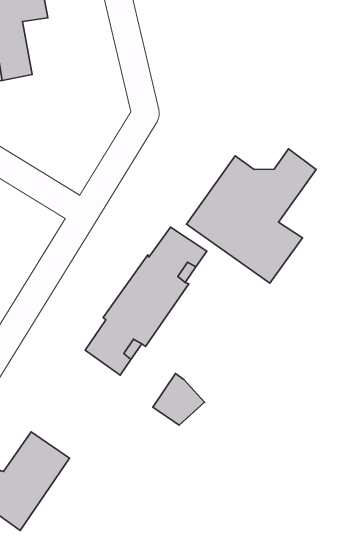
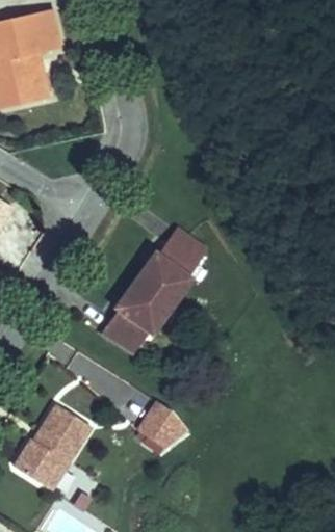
building: [187,149,316,283] -> none
building: [153,373,204,425] -> [134,408,179,453]

